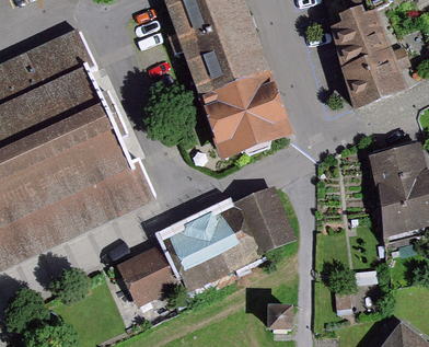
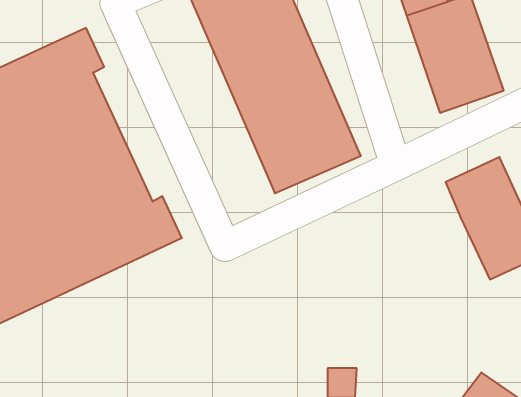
building: [120,185,297,302] -> none

